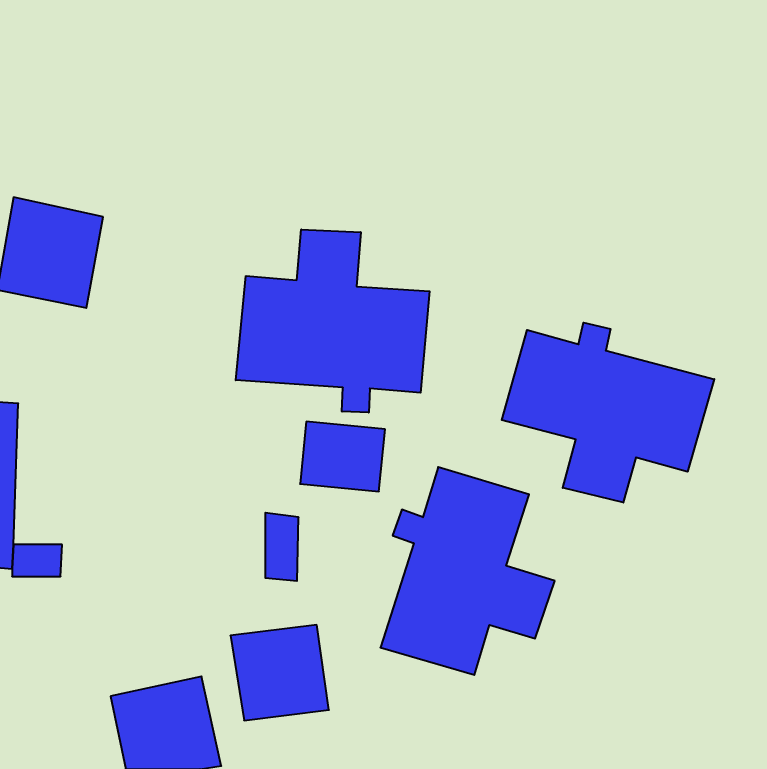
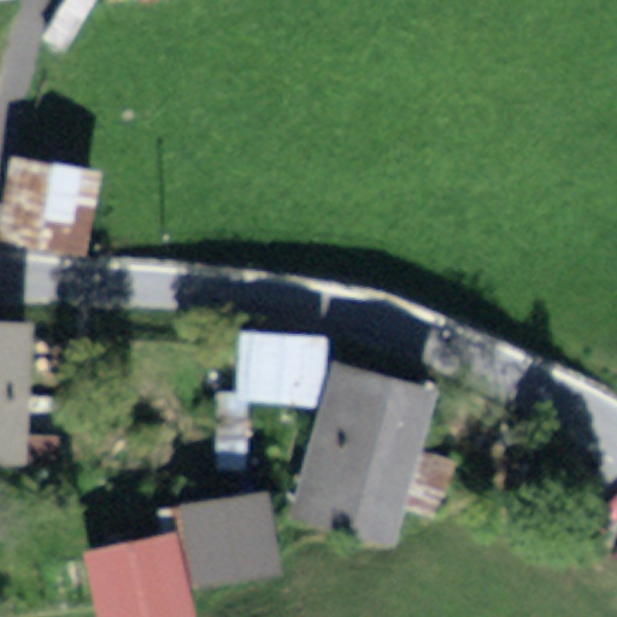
building: [236,229,430,413] -> none
building: [502,323,714,503] -> none

